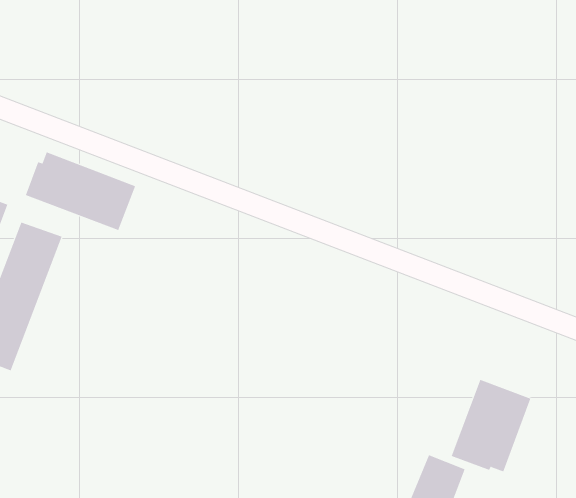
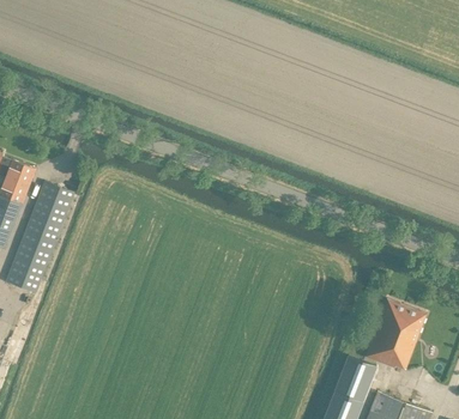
building: [25,151,136,231] -> none

